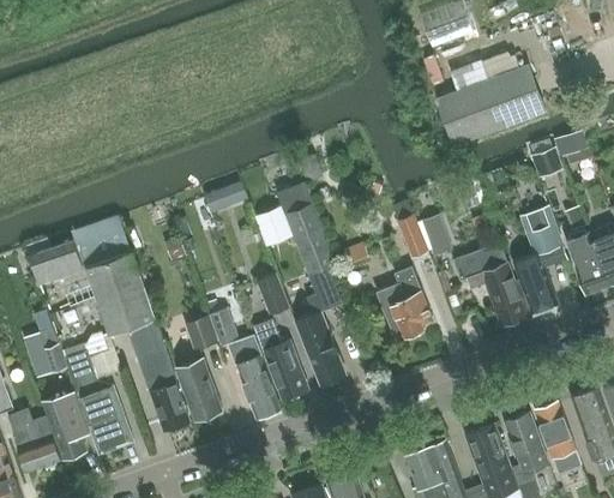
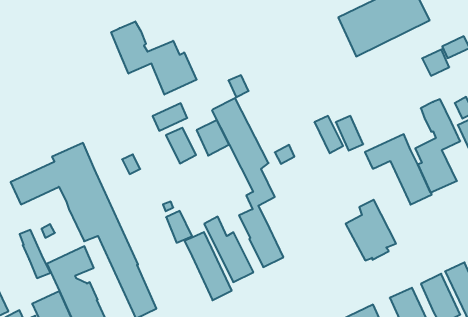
building: none -> [111,21,197,95]
building: [375,268,433,338] -> [346,200,396,260]
building: [255,272,289,314] -> [166,128,196,163]
building: [183,316,217,350] -> none
building: [175,359,221,421] -> none

